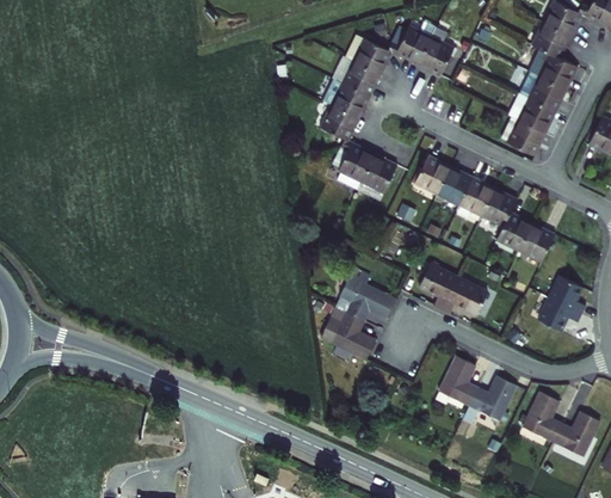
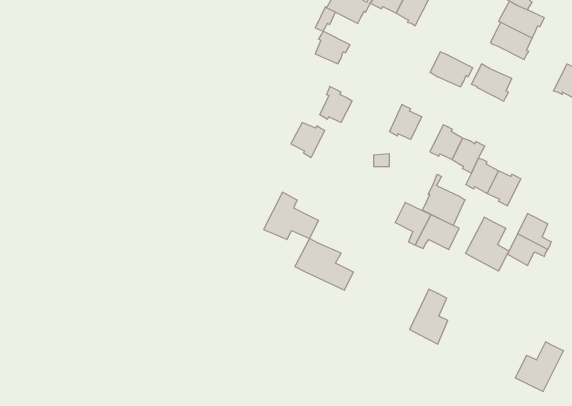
building: [344,60,381,94] -> none
building: [512,93,557,130] -> [430,52,473,87]
building: [322,104,359,147] -> none
building: [363,154,399,191] -> [291,123,325,157]
building: [437,171,471,208] -> none
building: none -> [423,174,465,225]
building: [338,265,396,315] -> [264,192,319,240]
building: none -> [466,217,509,271]
building: [465,374,516,426] -> none
building: [518,389,560,448] -> none

